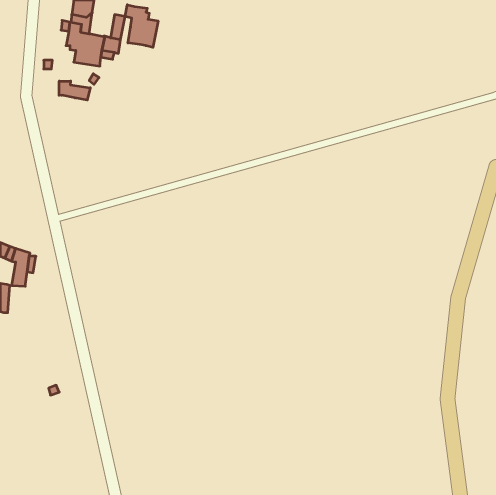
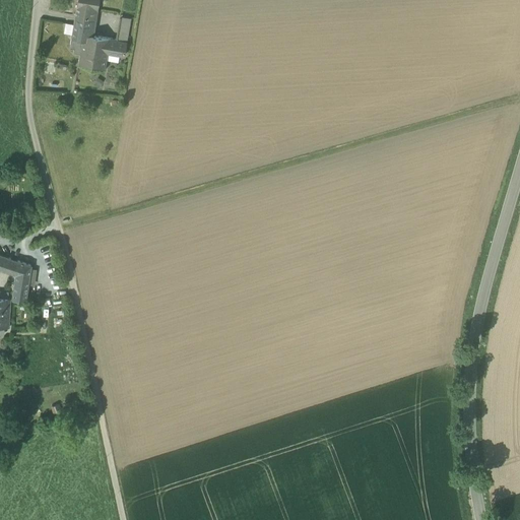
building: [125,5,158,47] -> none
building: [59,81,90,100] -> none

